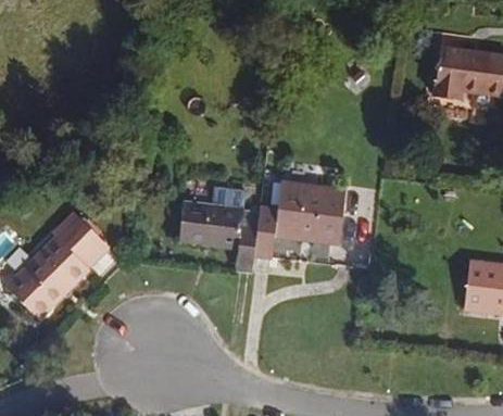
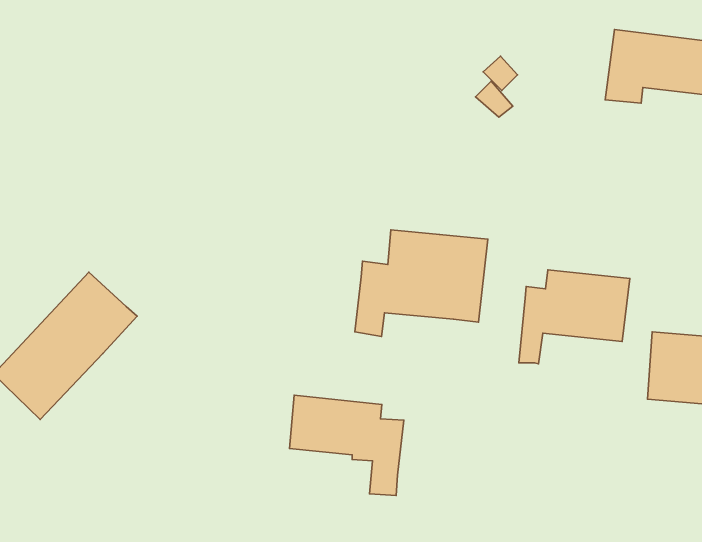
building: [183,203,262,273] -> [290,395,404,495]
building: none -> [519,270,630,364]

